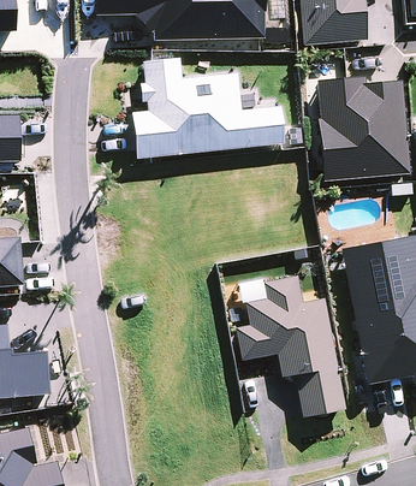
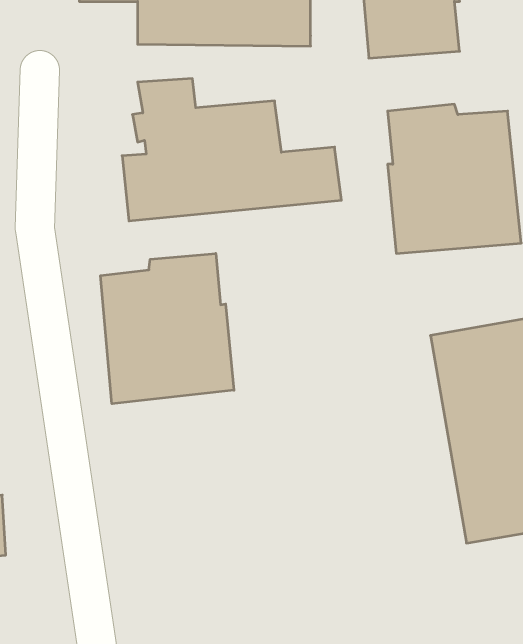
building: none -> [101,253,234,404]
building: [239,273,343,411] -> none

